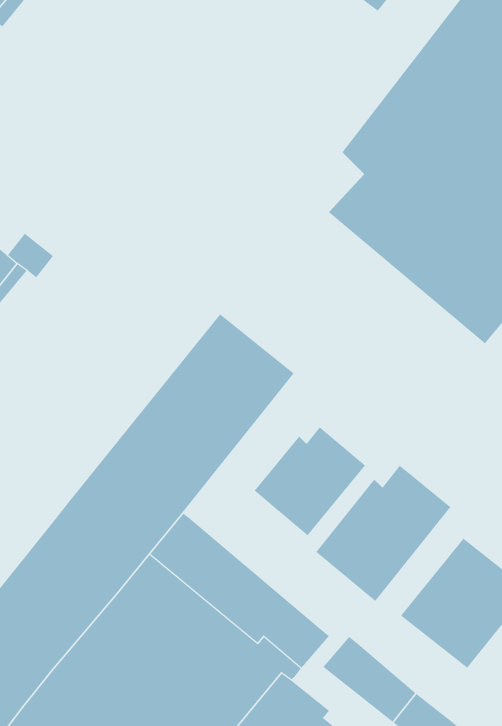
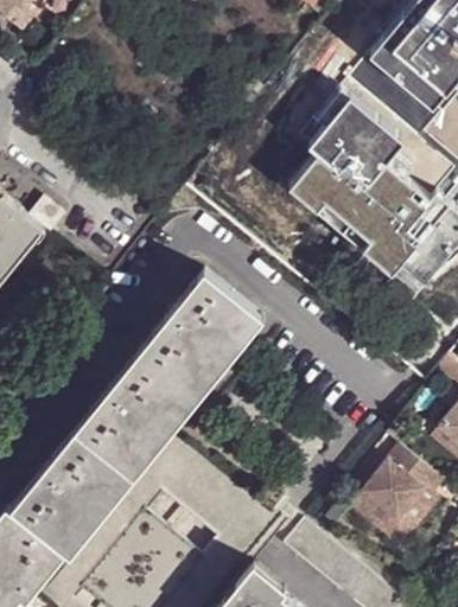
building: [254,427,366,536] -> none
building: [315,465,451,602] -> none

